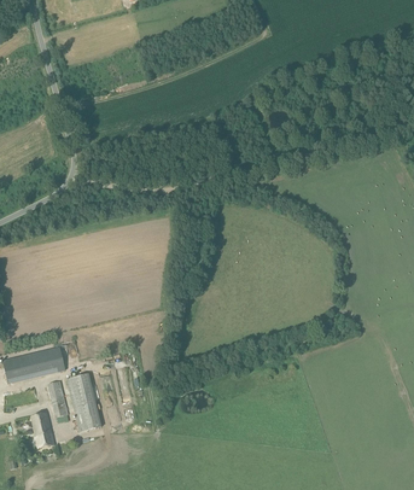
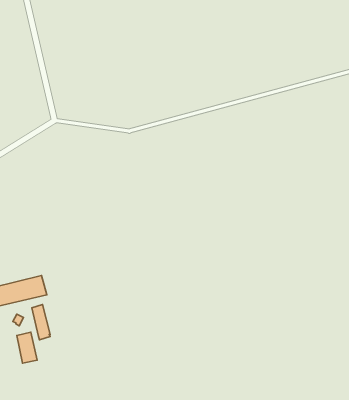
building: [66,372,100,430] -> none

